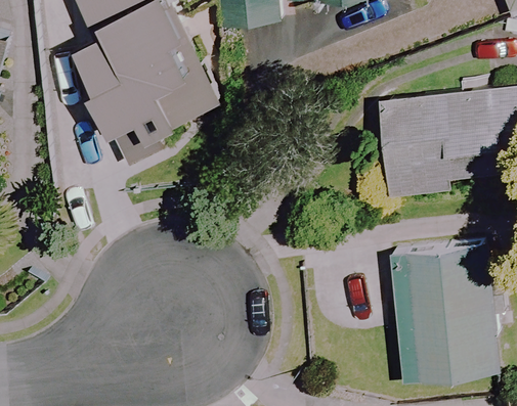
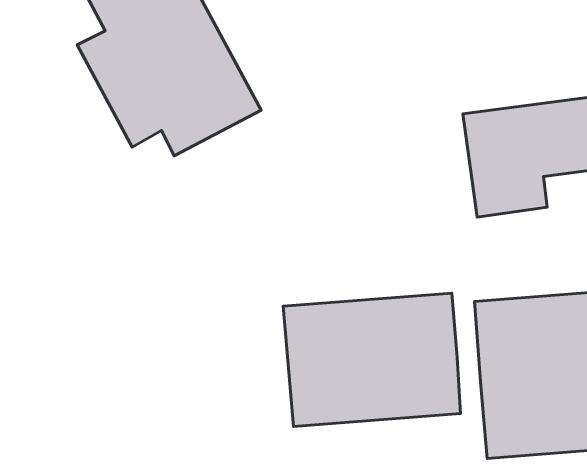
building: none -> [283,293,460,426]

